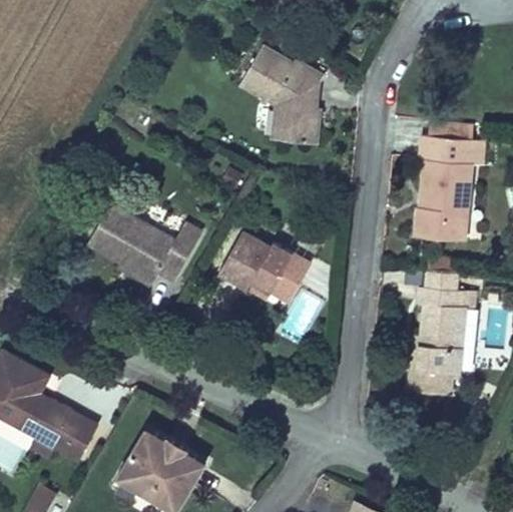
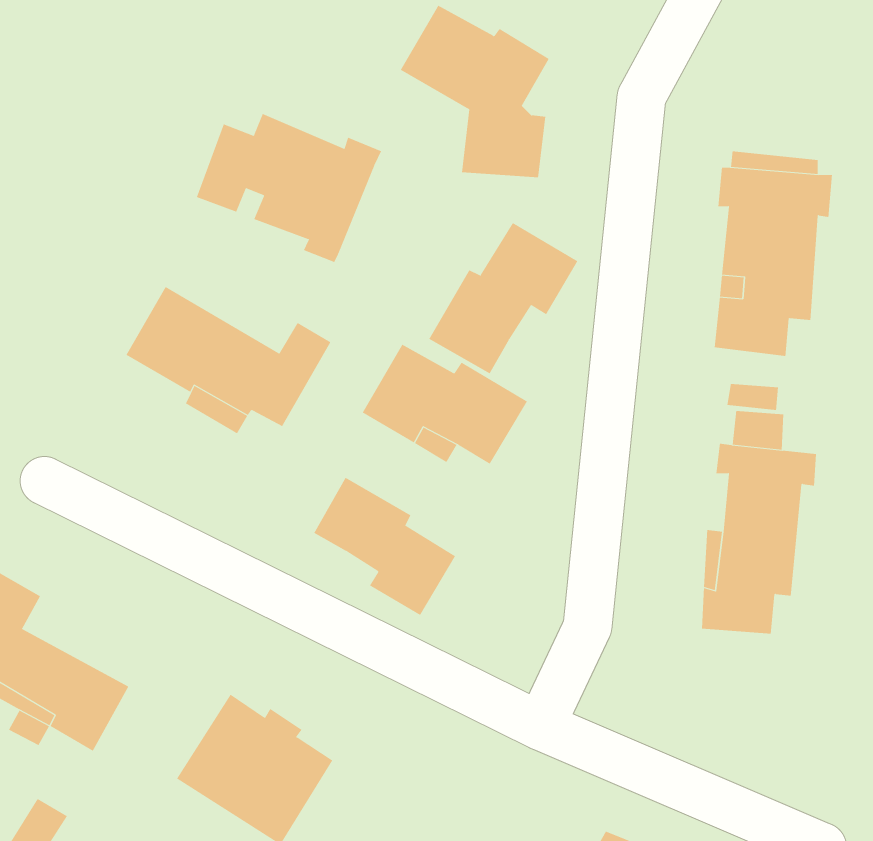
building: none -> [196,113,382,263]
building: none -> [429,222,578,374]
building: none -> [313,477,456,616]

